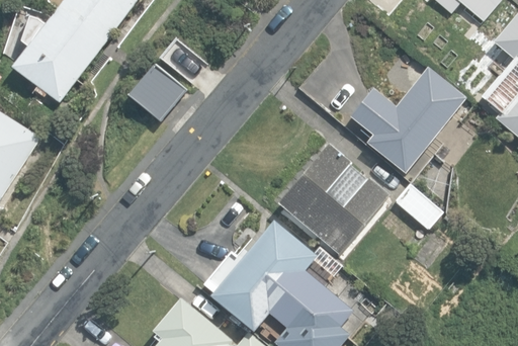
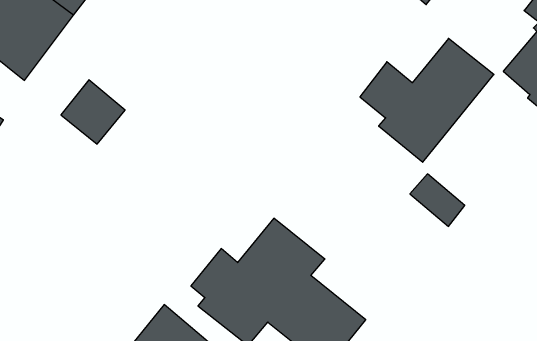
building: [128,64,184,119] -> [61,80,125,144]
building: [278,145,387,254] -> none

